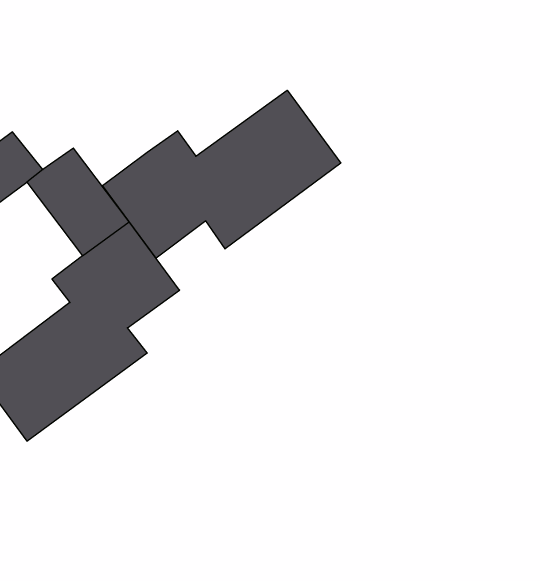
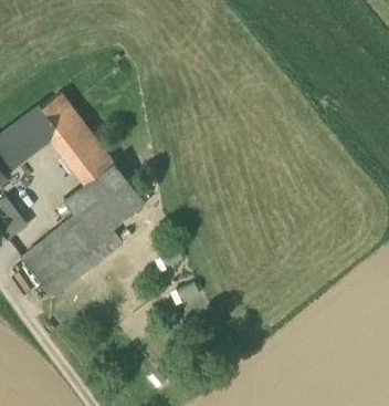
building: [102,90,341,258] -> none
building: none -> [41,94,78,132]

